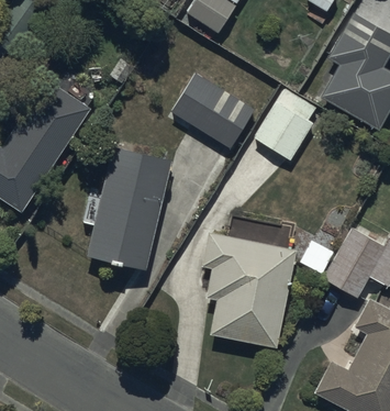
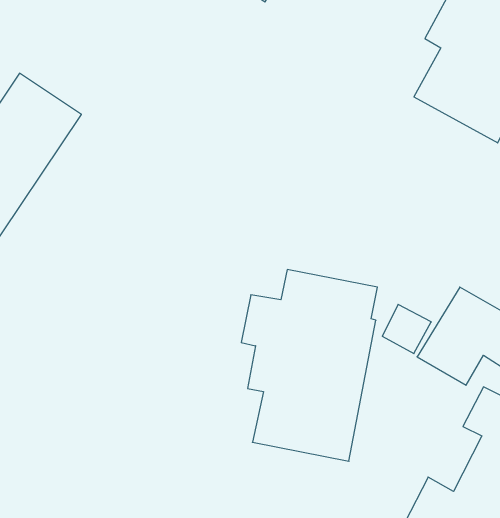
building: [170,74,254,148] -> none
building: [254,89,316,162] -> none
building: [86,145,172,269] -> none

